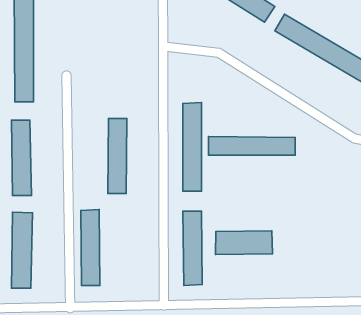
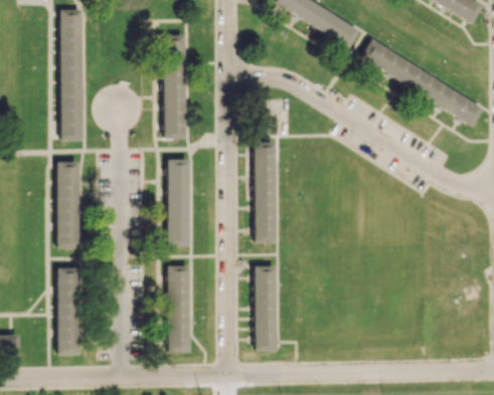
building: none -> [164,35,186,139]
building: [209,137,295,155] -> none
building: [81,209,100,286] -> [168,265,190,353]
building: [216,231,272,255] -> none

